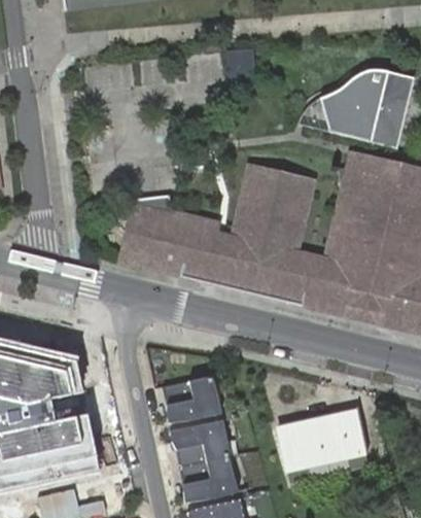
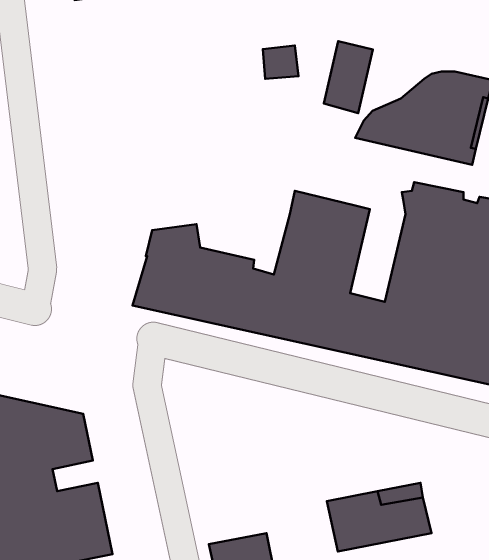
building: none -> [324,41,373,113]
building: [163,373,218,420] -> none
building: [172,417,227,462] -> none

